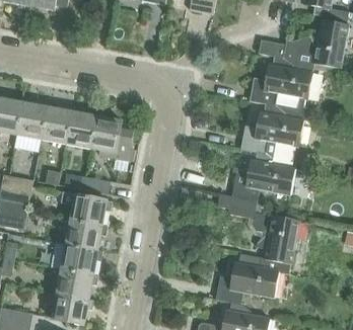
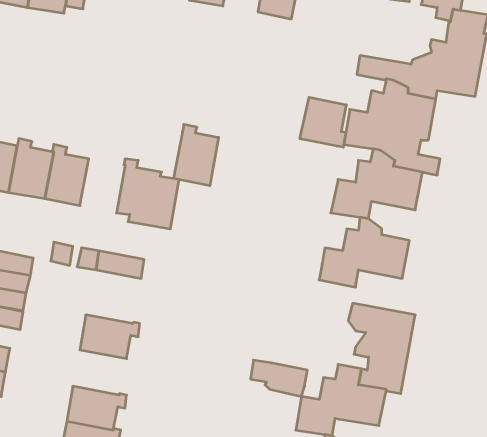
building: none -> [300,97,346,147]
building: [65,106,96,149] -> [174,124,219,186]
building: [217,193,257,219] -> [251,360,307,397]
building: [69,194,112,226] -> none
building: [60,244,102,275] -> none

